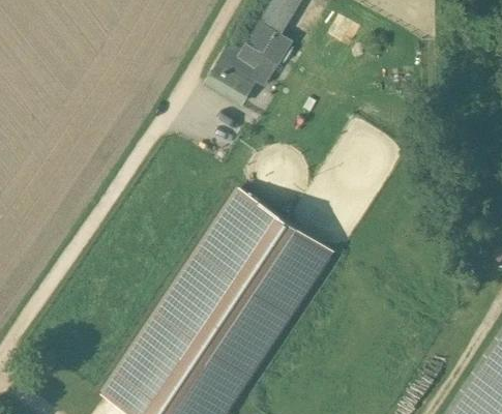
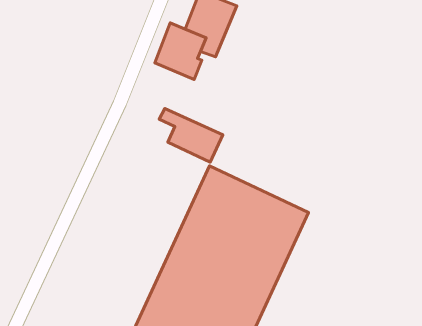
building: none -> [159,109,223,162]

